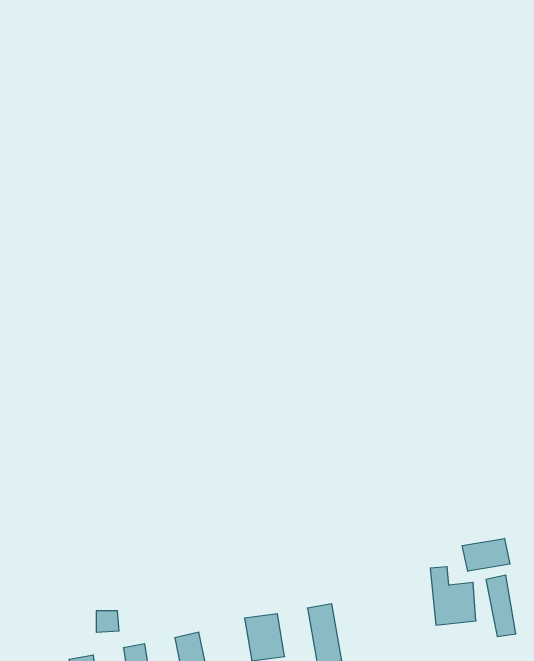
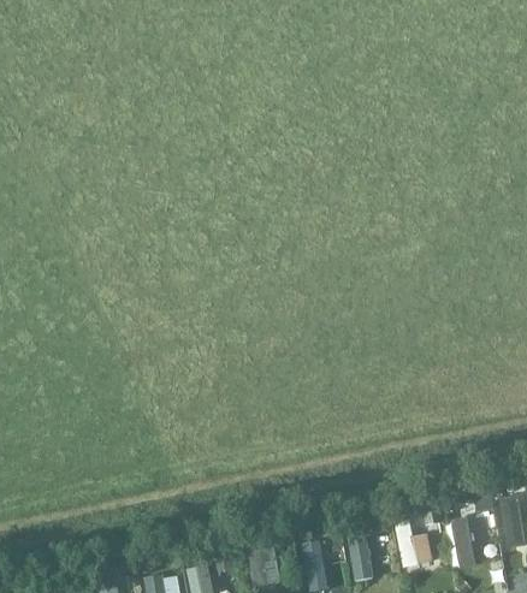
building: [462,538,510,571] -> none
building: none -> [348,538,374,582]

